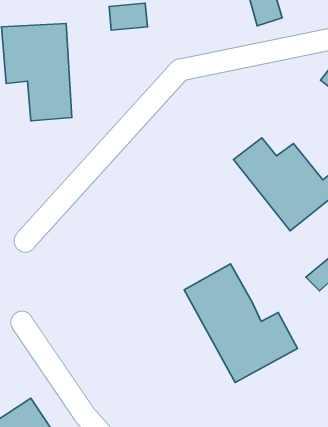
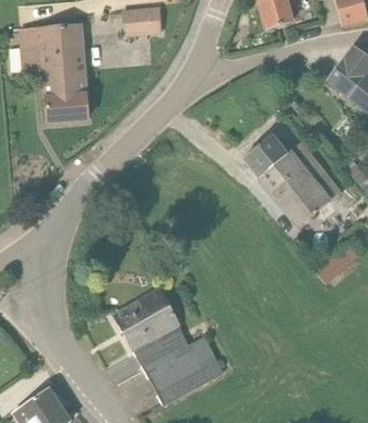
building: [184,264,297,383] -> [114,290,223,404]

